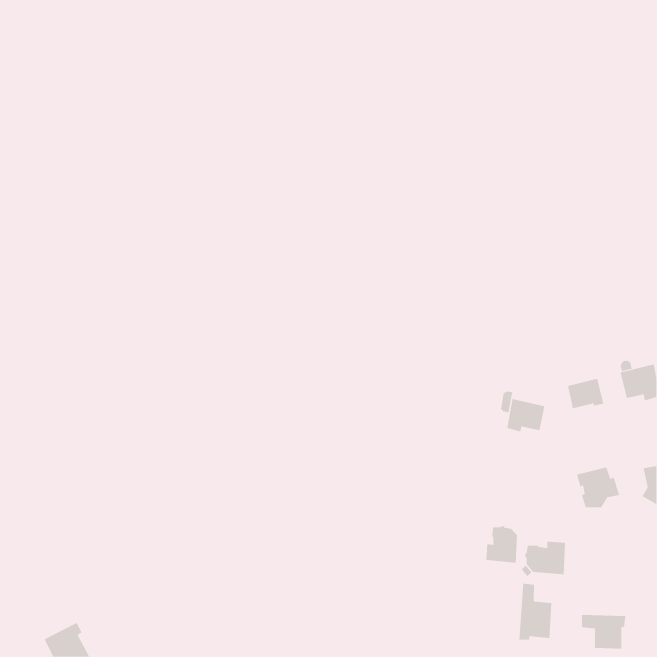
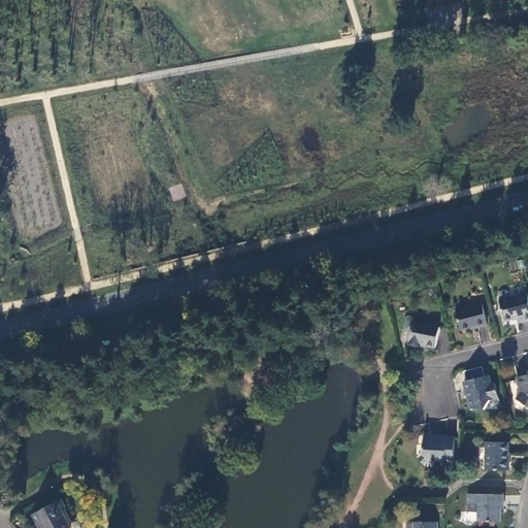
building: [486,526,518,563] -> none
building: none -> [484,440,507,469]
building: [519,583,552,641] -> none

